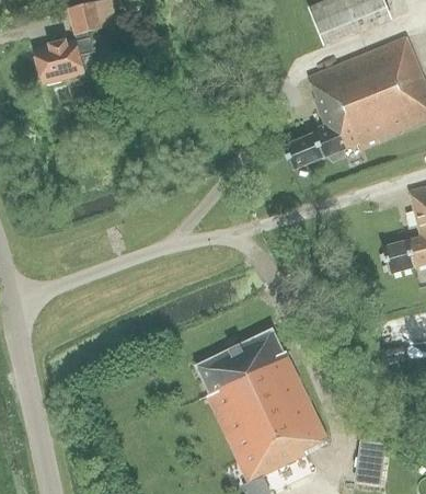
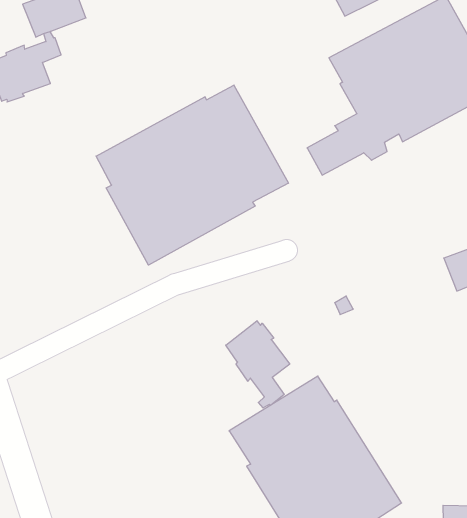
building: none -> [96,85,288,265]
building: none -> [226,321,290,408]

